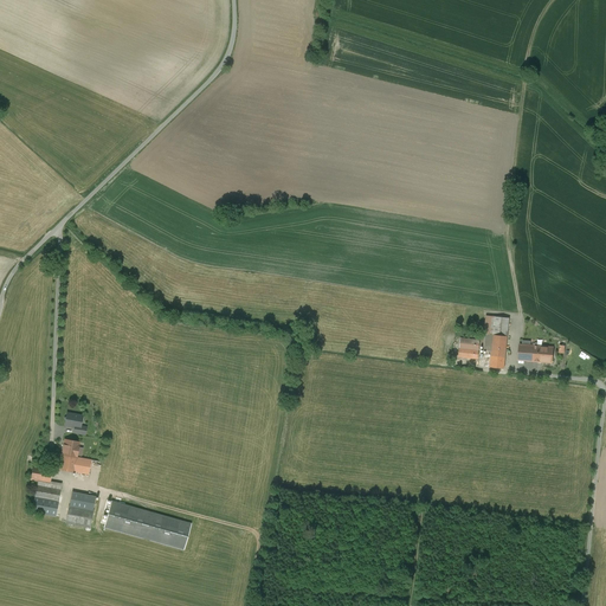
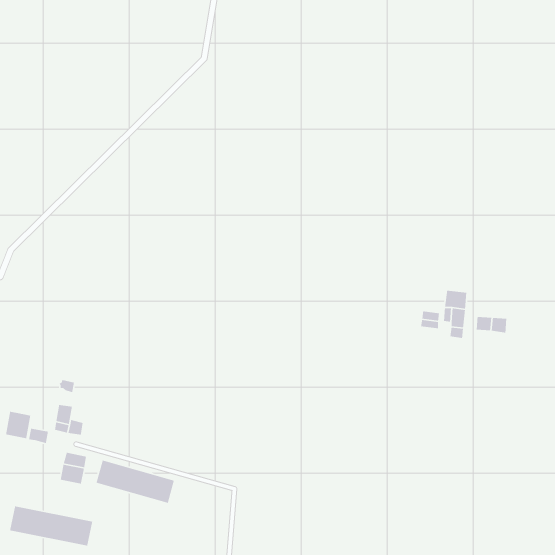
building: [32,485,60,516] -> [5,411,31,439]
building: none -> [9,505,93,546]

